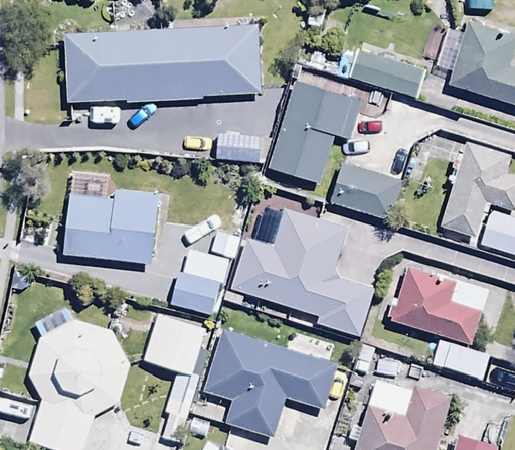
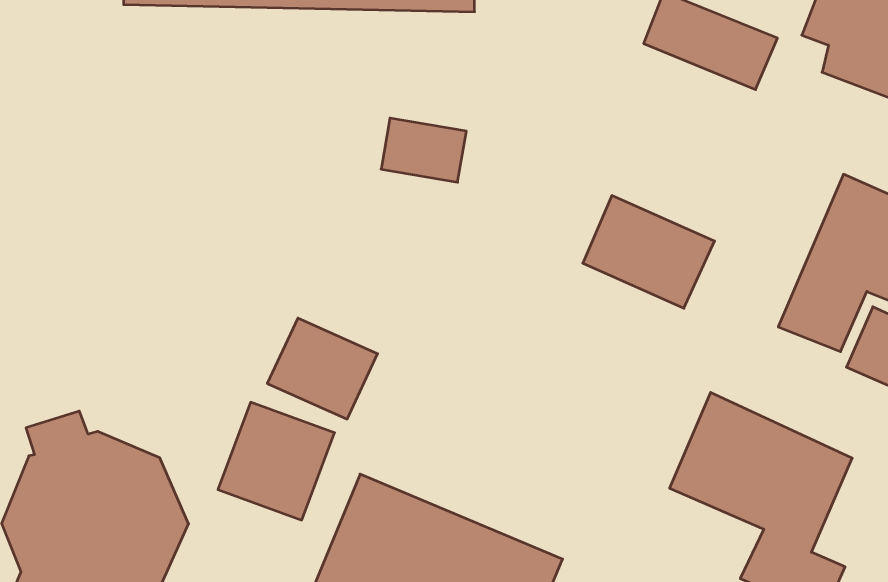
building: [268,81,361,185] -> none
building: [63,189,160,265] -> none
building: [230,207,374,338] -> none

